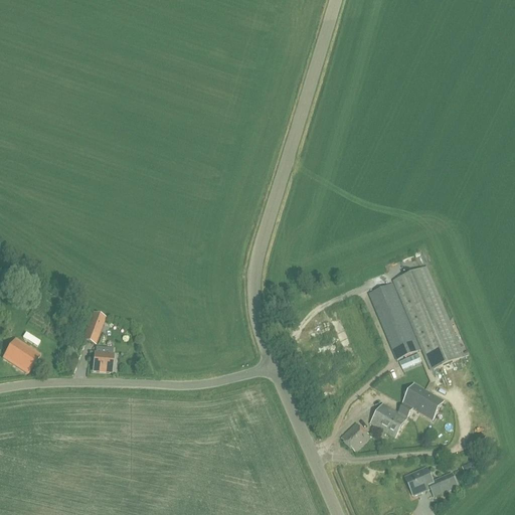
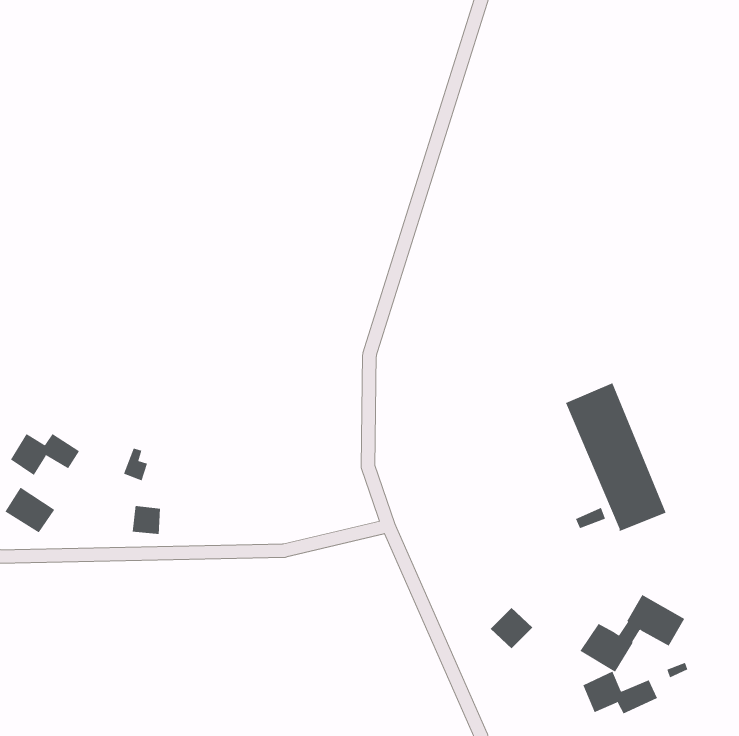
building: [368,282,420,357] -> none
building: none -> [10,433,80,476]
building: [369,382,443,437] -> [579,594,685,672]

